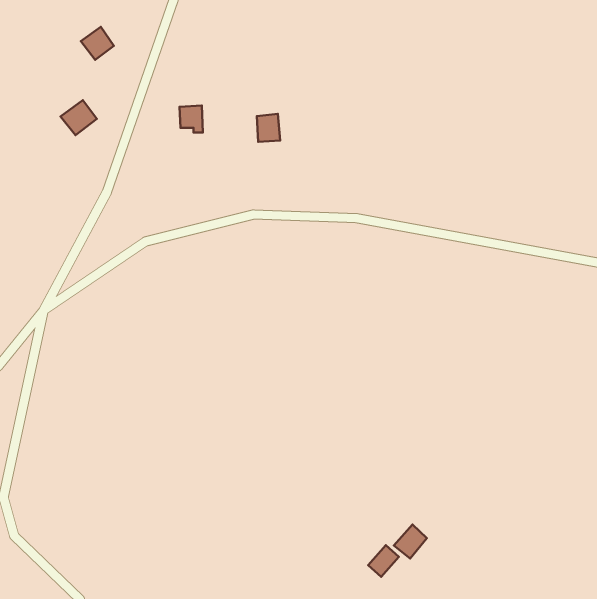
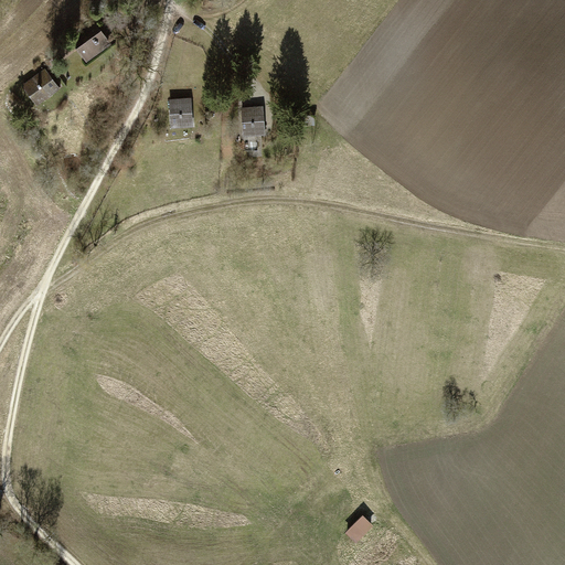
building: [60,100,97,135] -> [22,71,56,104]
building: [394,525,427,559] -> none

